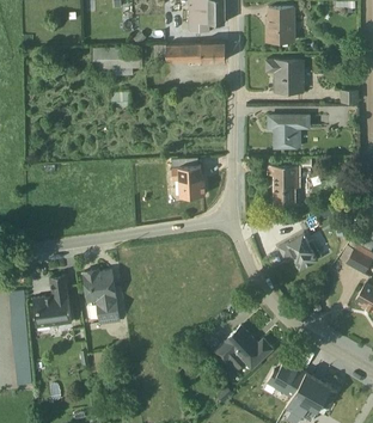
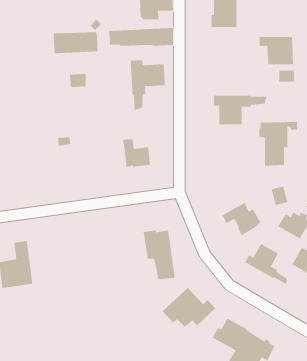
building: [265,61,304,92] -> [259,37,294,65]
building: none -> [130,60,165,111]
building: [267,159,310,208] -> [259,121,298,166]
building: [82,270,118,325] -> [143,230,175,280]
building: none -> [244,243,288,285]

